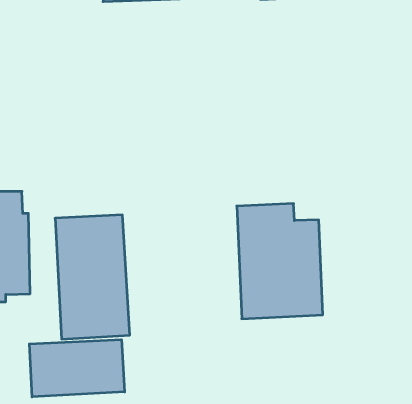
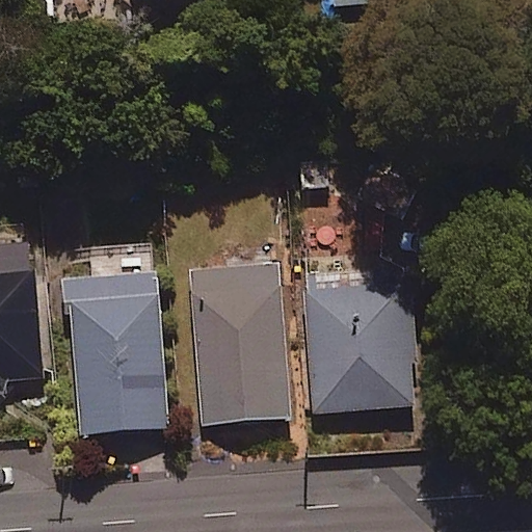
building: none -> [191,263,287,424]
building: [29,340,125,397] -> none

